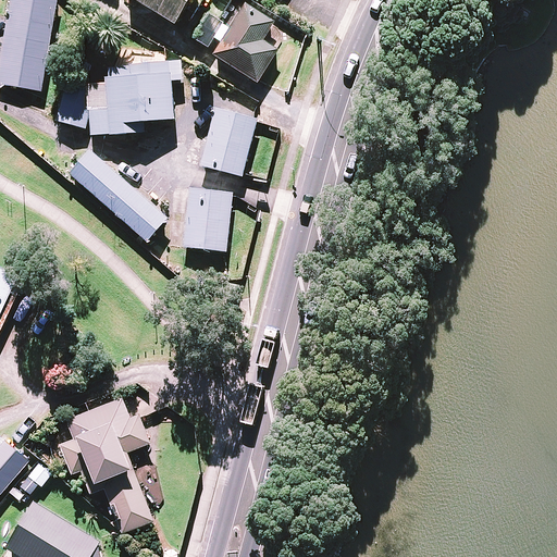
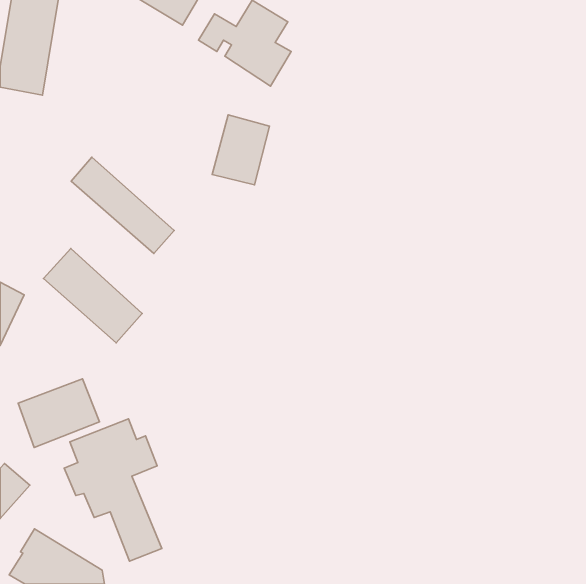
building: [58,49,184,135] -> none
building: [184,189,232,250] -> none
building: none -> [44,249,142,343]
building: none -> [18,379,100,448]

